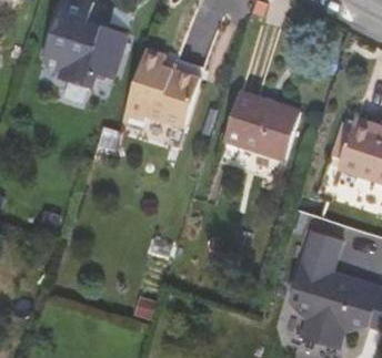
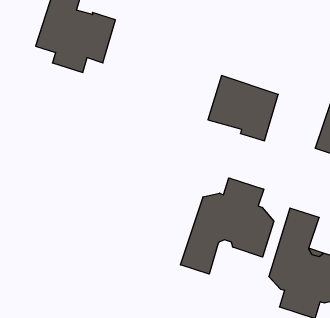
building: [123,49,200,127] -> none
building: none -> [180,178,274,274]

